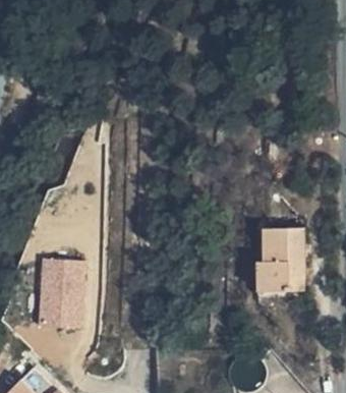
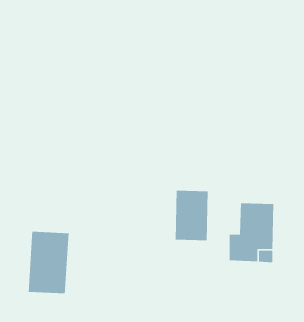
building: none -> [175,190,208,241]

